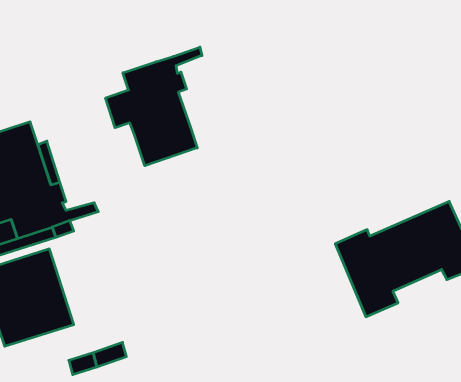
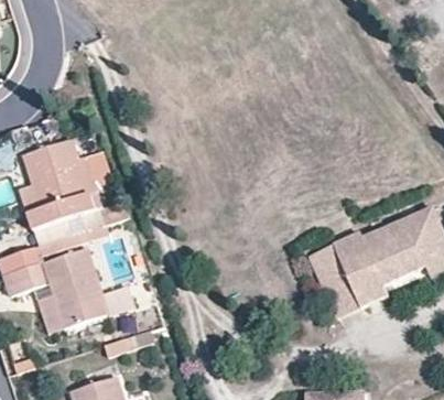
building: [106,47,202,166] -> none
building: none -> [308,242,359,315]

